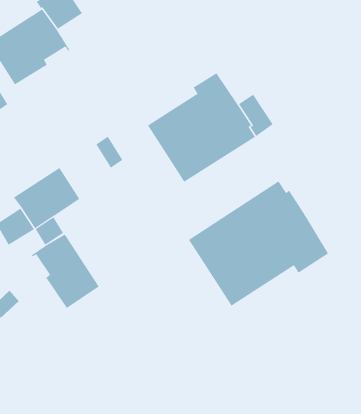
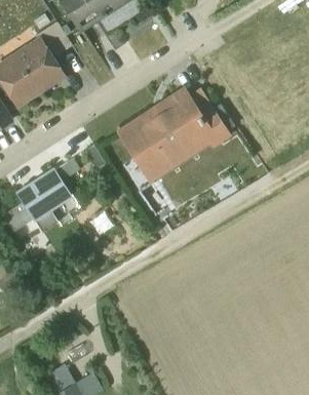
building: [188,180,329,307] -> none
building: [31,234,100,309] -> none

